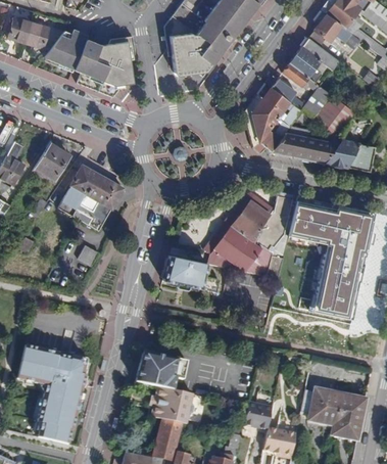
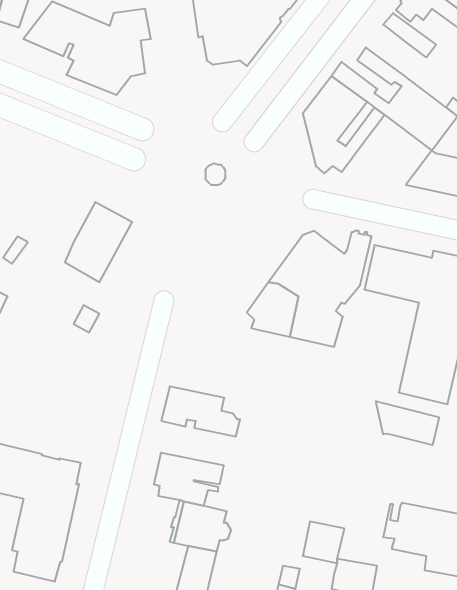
building: [289,46,322,82] -> none
building: [272,125,336,160] -> none
building: [35,142,69,179] -> none
building: [59,165,96,215] -> none
building: [162,254,219,290] -> [161,386,240,437]
building: none -> [376,401,439,445]

